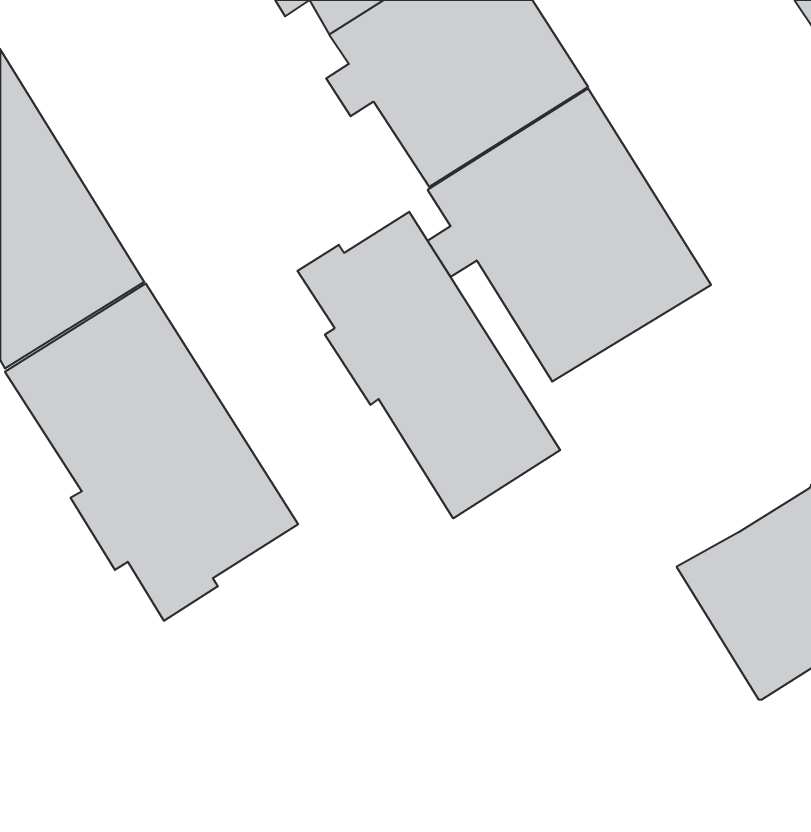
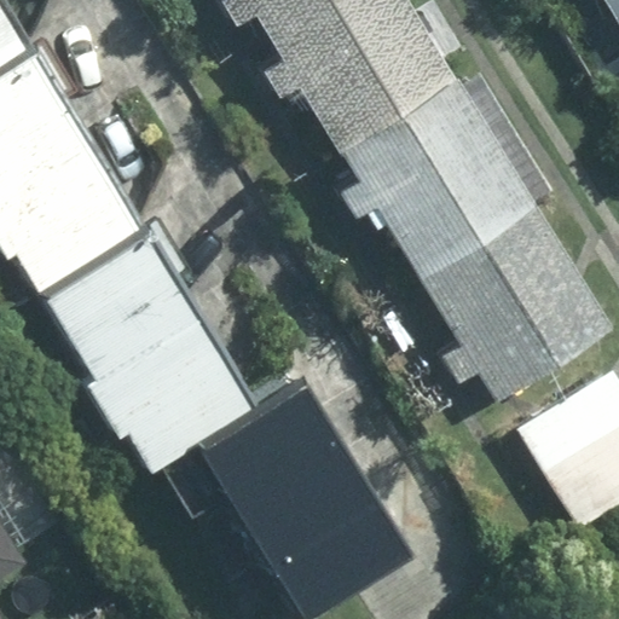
building: [298,212,560,518] -> none
building: none -> [427,214,612,394]
building: none -> [179,366,392,604]

